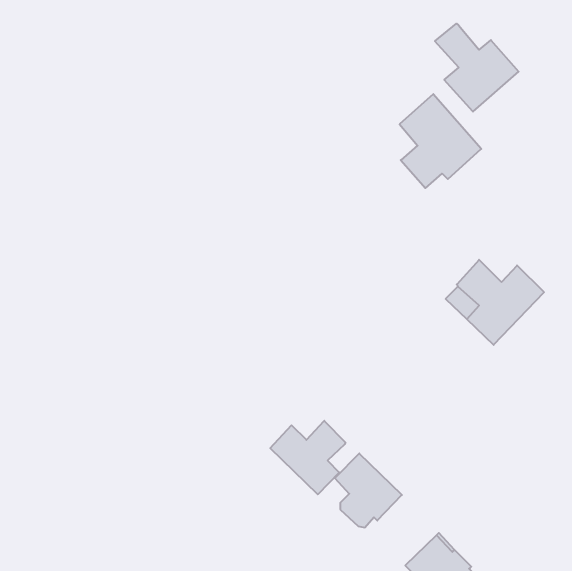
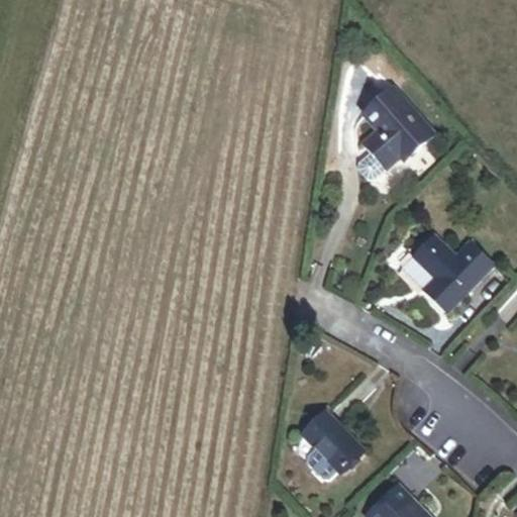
building: [435,24,519,112] -> none
building: [270,421,345,494] -> none

